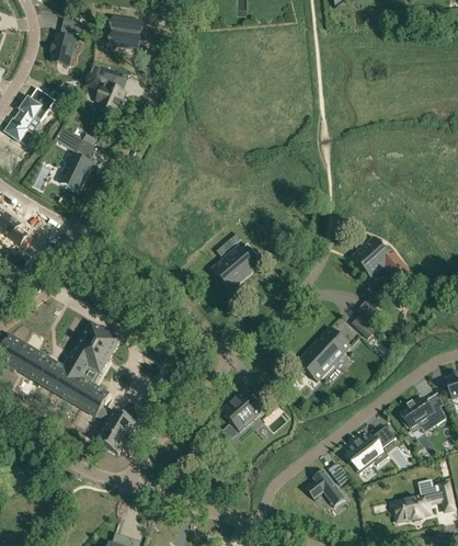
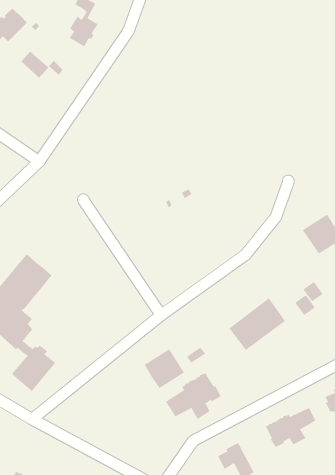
building: [59,155,91,191] -> none
building: [210,246,257,291] -> none
building: none -> [165,372,222,420]

